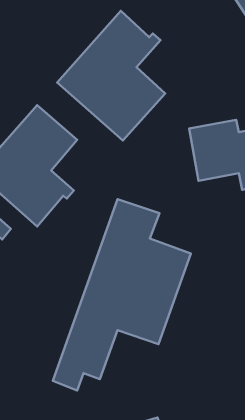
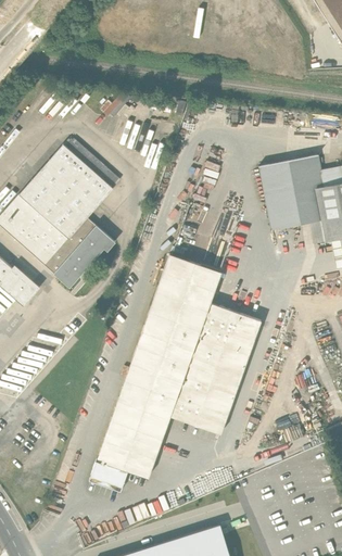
building: [57,11,165,141] -> none

